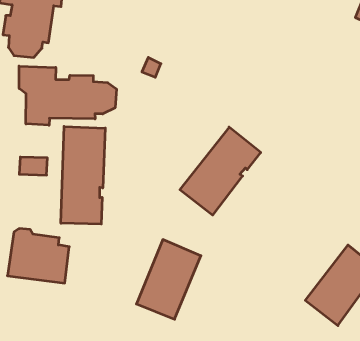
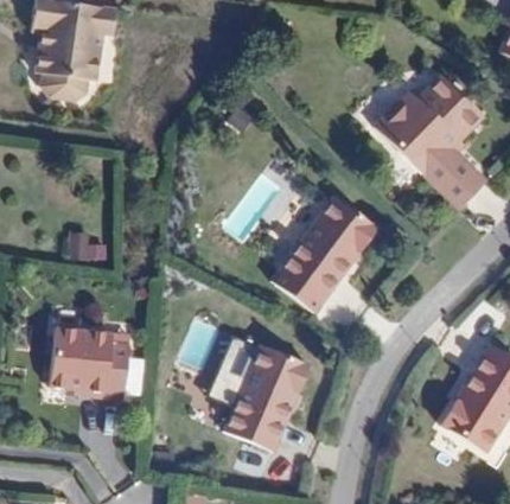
building: none -> [381,75,490,206]
building: [19,66,116,125] -> none
building: [61,126,105,224] -> none

